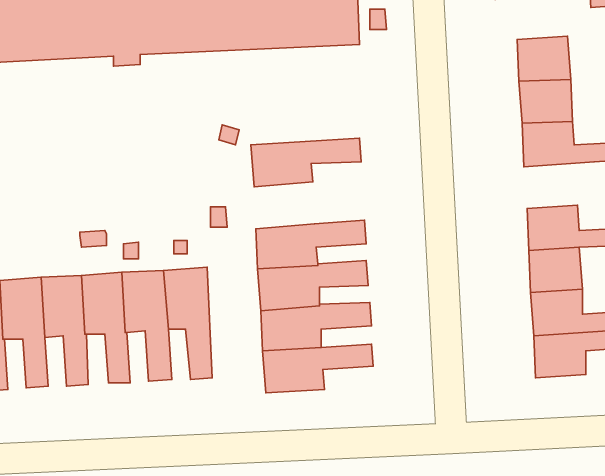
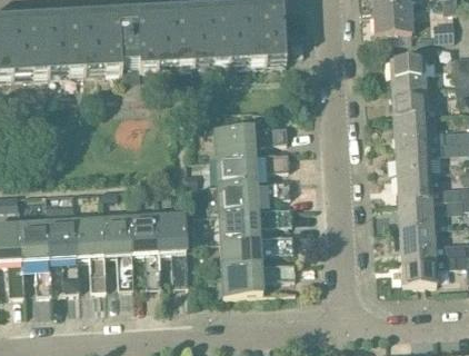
building: none -> [395,139,441,169]
building: none -> [216,149,288,182]

